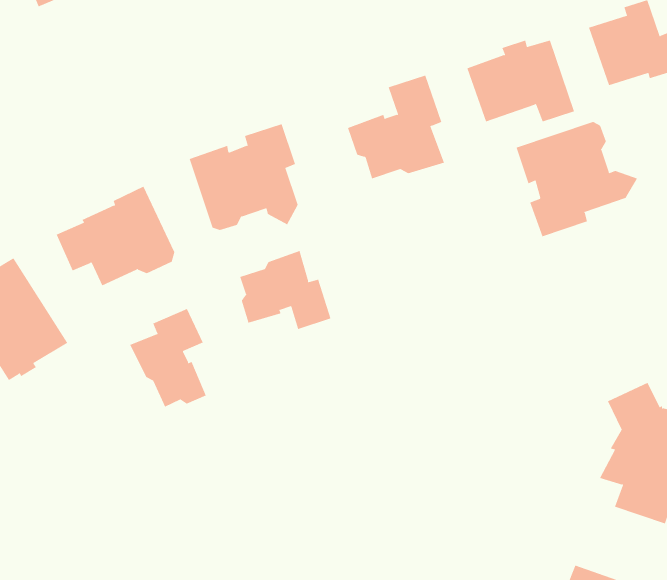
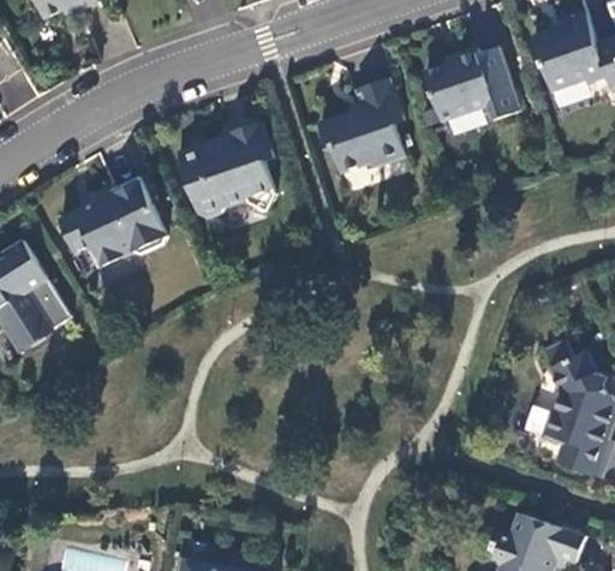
building: [516,121,638,237] -> none
building: [239,250,331,330] -> none
building: [130,308,207,407] -> none

